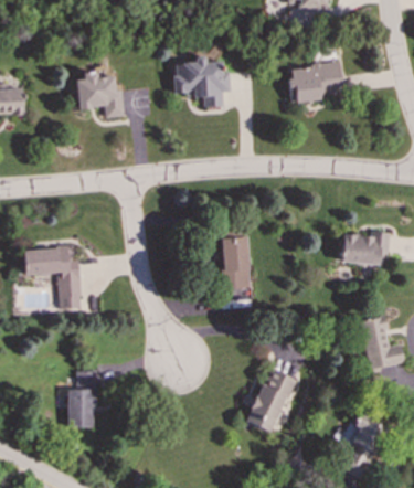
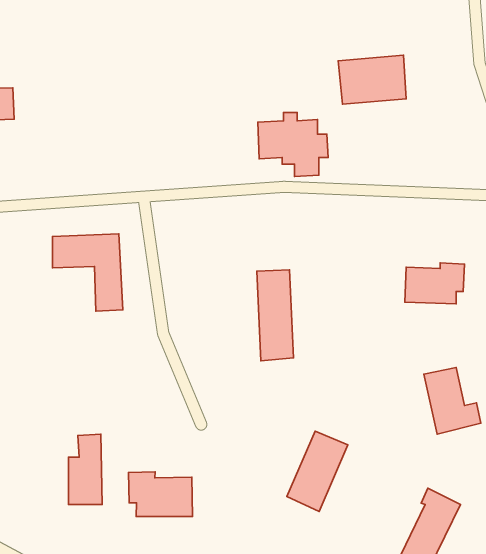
building: [173,55,231,107] -> [258,113,328,176]
building: [75,63,124,117] -> none
building: [23,247,81,310] -> [52,234,123,311]
building: none -> [128,472,192,517]

